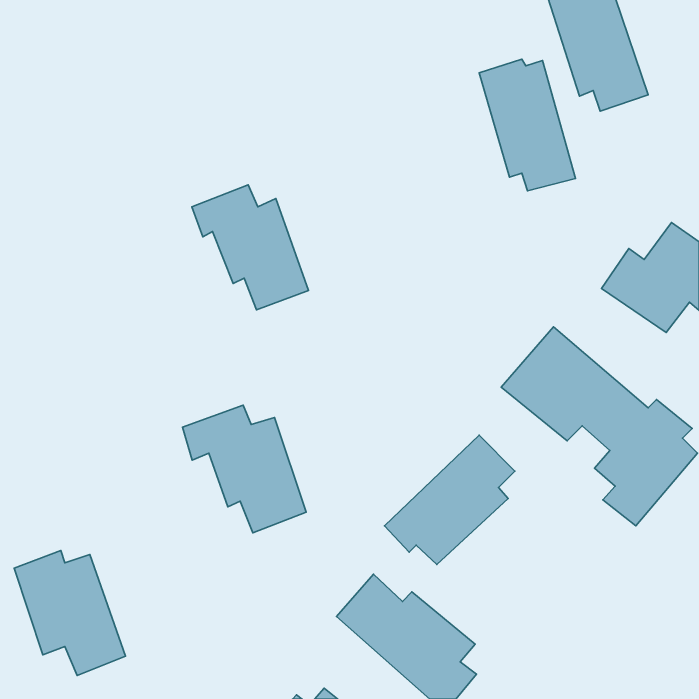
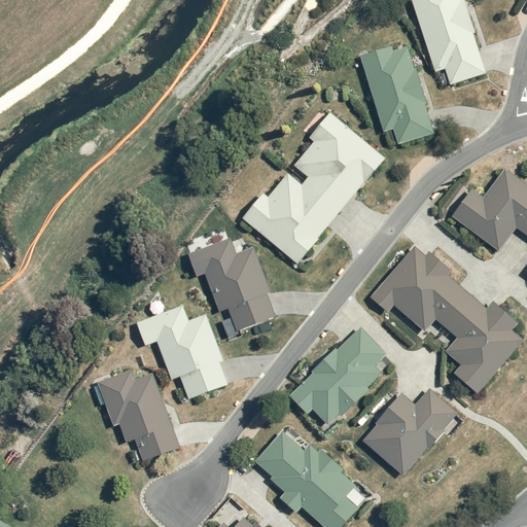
building: none -> [246,110,385,266]
building: [192,185,309,310] -> [187,237,275,330]
building: none -> [362,387,457,475]
building: [14,550,125,675] -> [97,367,180,461]

